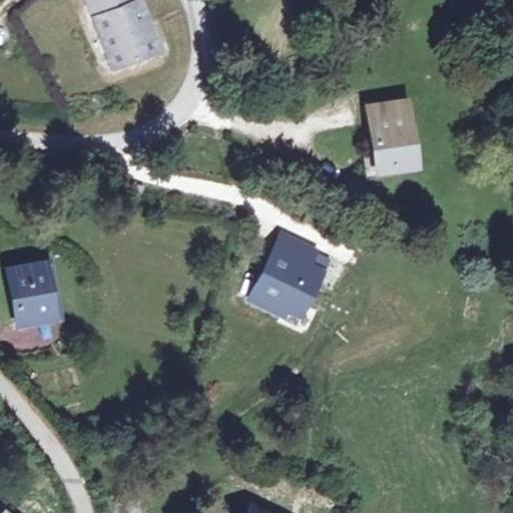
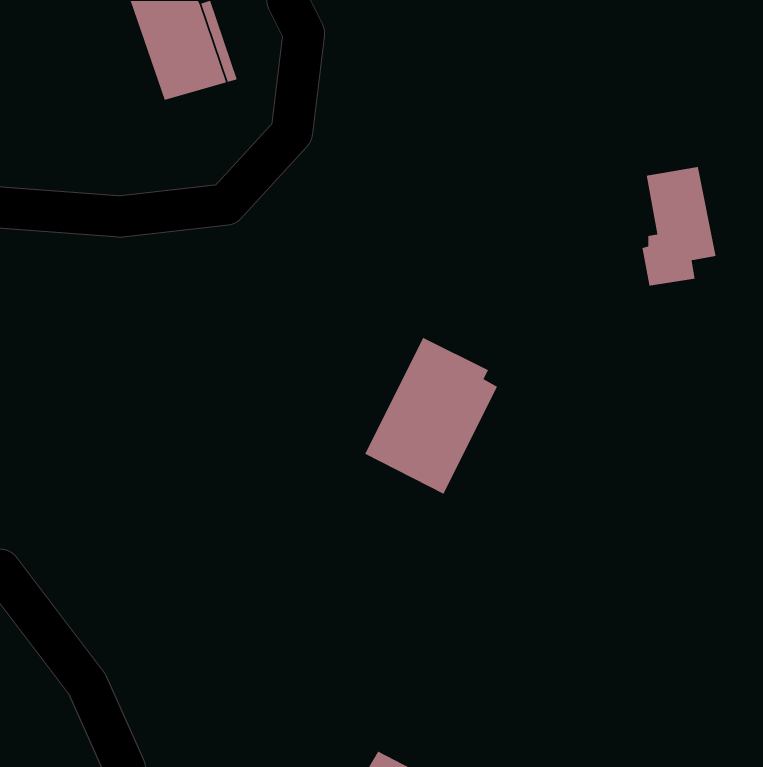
building: [360,92,410,172] -> [641,166,717,287]
building: [15,273,58,328] -> none

